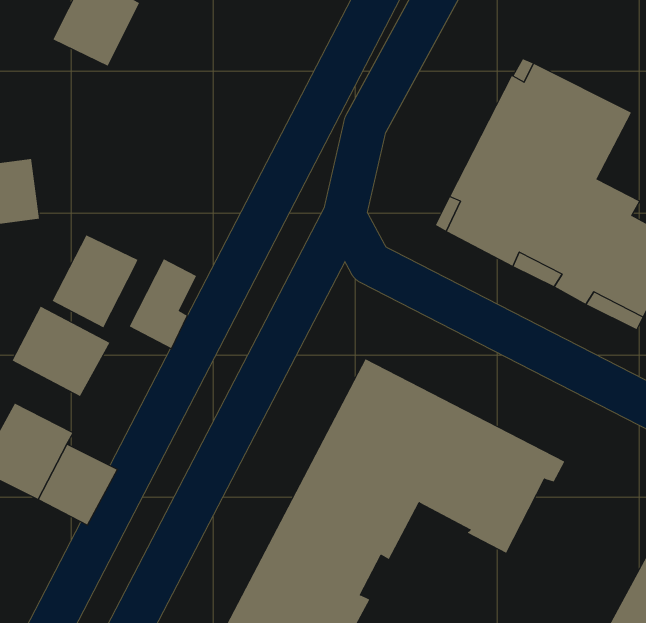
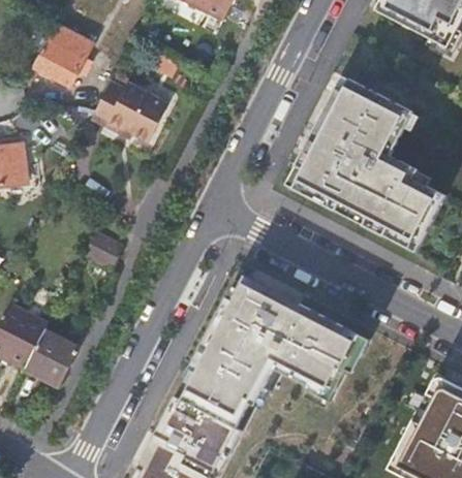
building: none -> [92,81,170,141]
building: [52,234,138,328] -> none
building: [12,306,110,397] -> none

